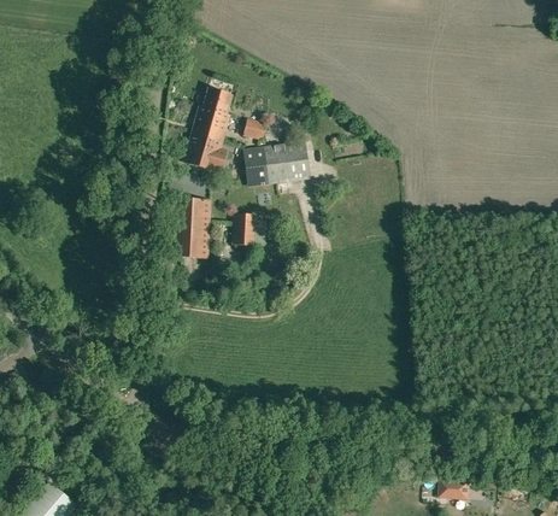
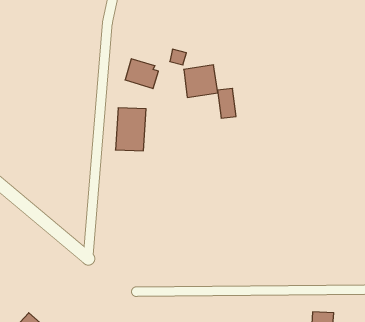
building: [190,86,233,140] -> none
building: [242,145,268,186] -> [218,88,236,118]
building: [231,212,257,245] -> none

